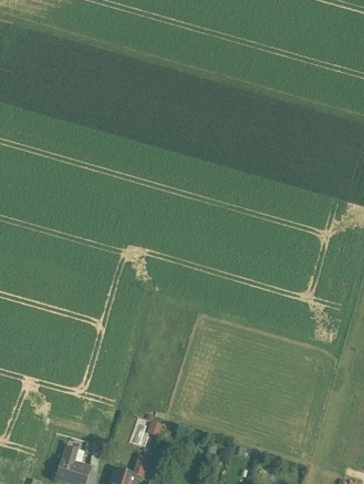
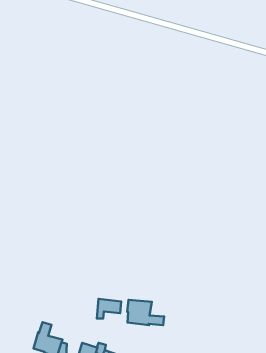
building: none -> [127,300,164,325]

